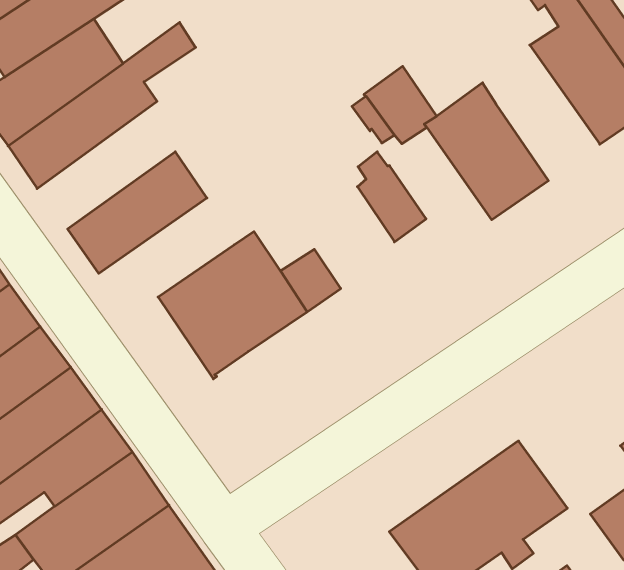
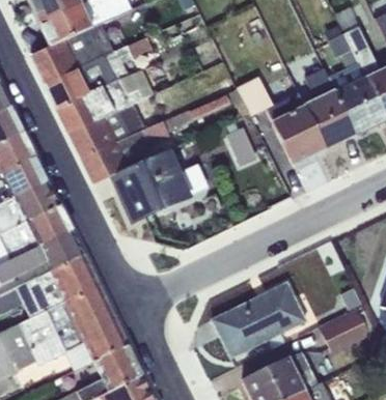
building: none -> [304,68,355,149]
building: none -> [56,66,153,133]
building: none -> [81,95,230,183]

